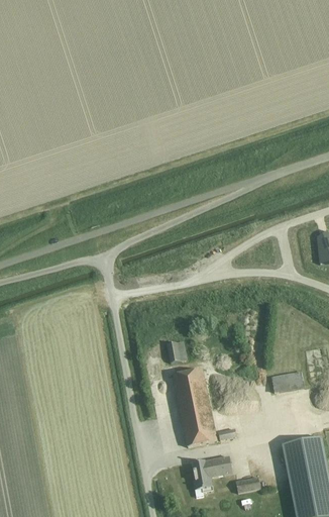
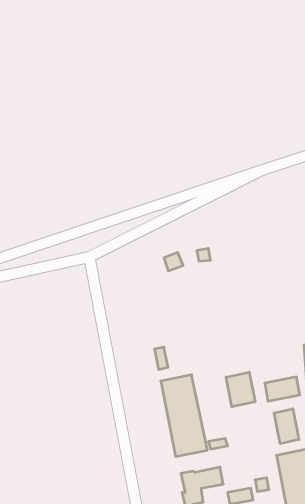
building: none -> [226,372,255,407]
building: none -> [274,409,299,444]

